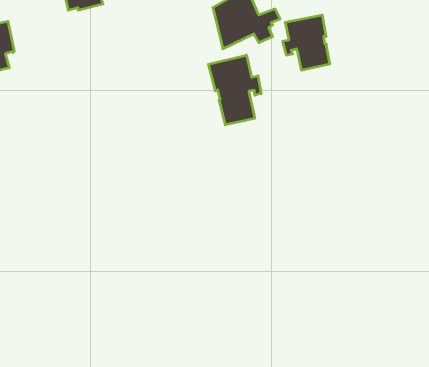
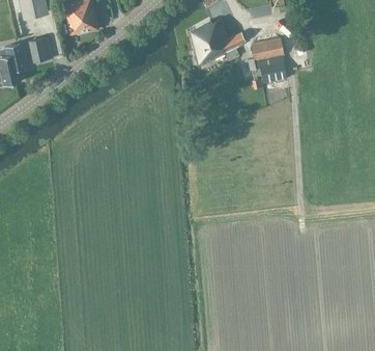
building: none -> [28,35,53,62]
building: [208,55,261,125] -> none

